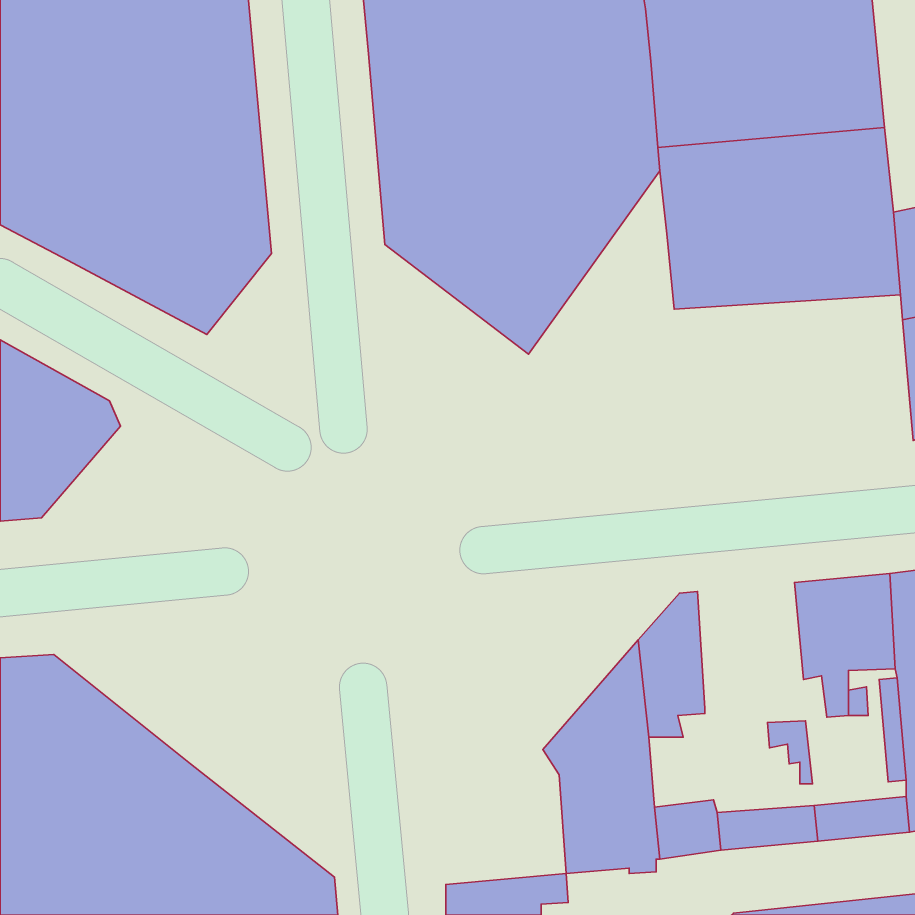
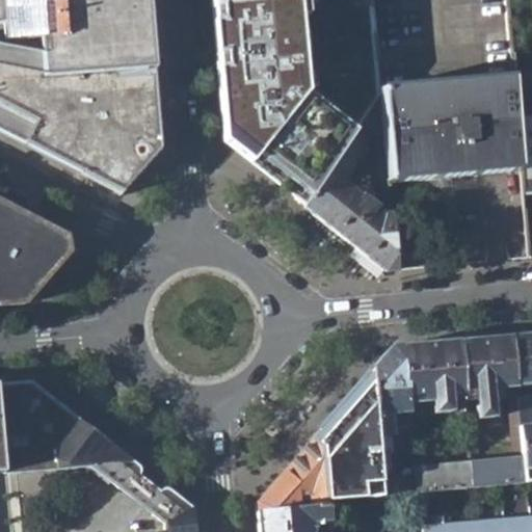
building: none -> [308,99,400,267]
building: none -> [405,337,467,413]
building: none -> [258,433,329,511]

